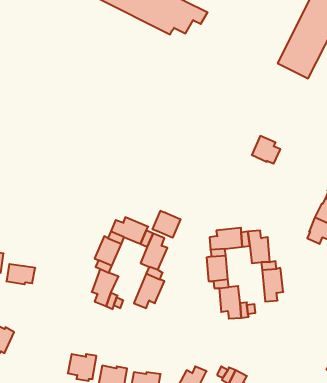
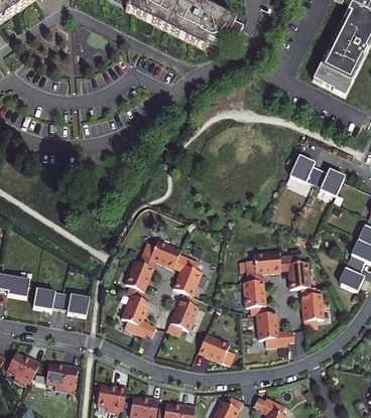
building: none -> [314,168,345,194]
building: [153,211,180,238] -> none
building: none -> [339,262,364,292]
building: none -> [59,293,89,316]
building: none -> [199,333,235,365]
building: none -> [45,364,78,392]

